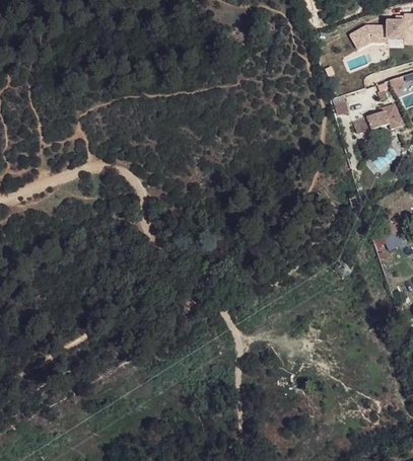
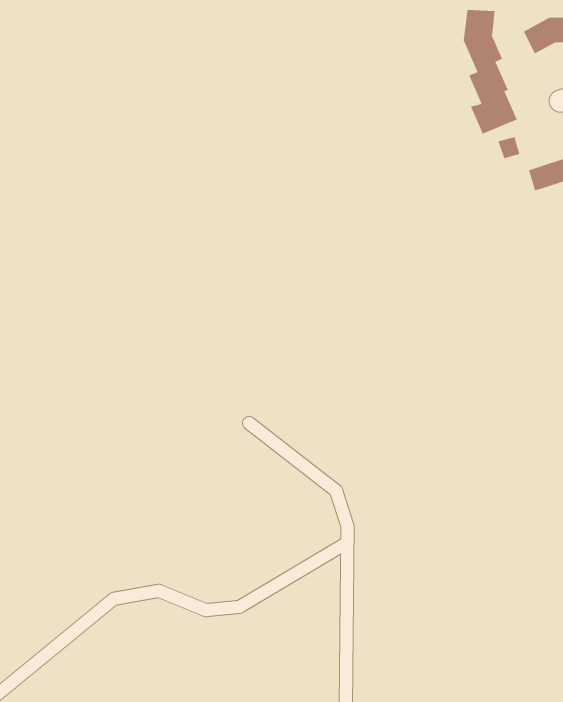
building: none -> [463,9,518,134]

